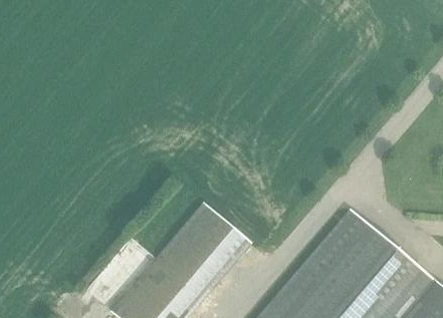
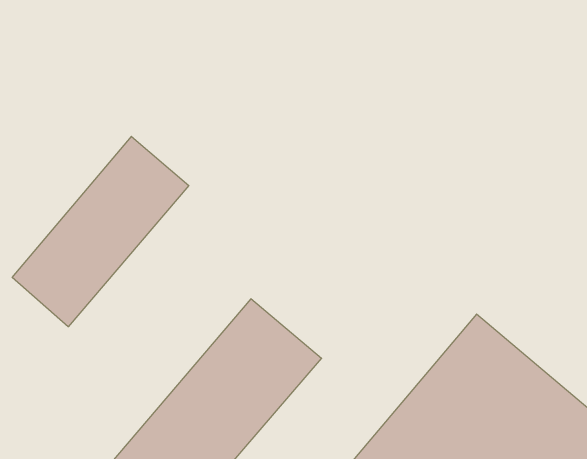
building: none -> [12,136,189,327]

